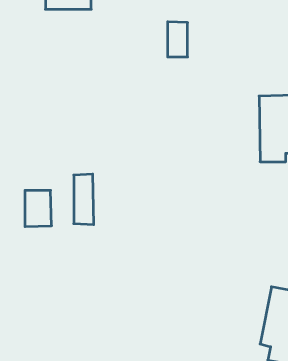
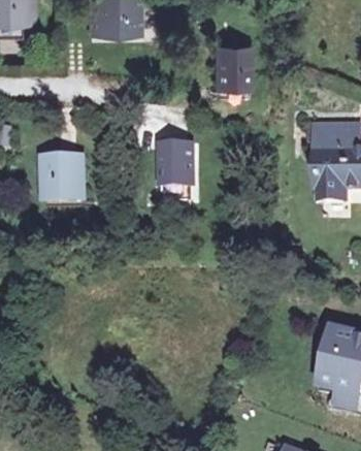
building: [74,174,94,225] -> [169,147,191,201]
building: [25,190,52,227] -> [51,158,79,197]

